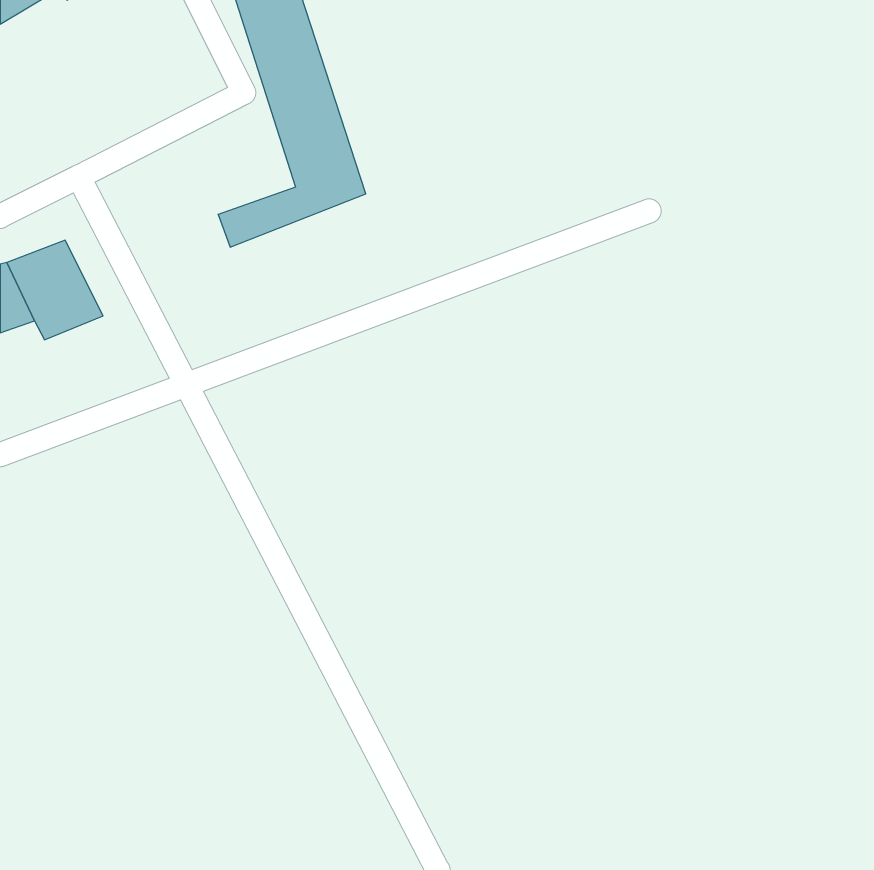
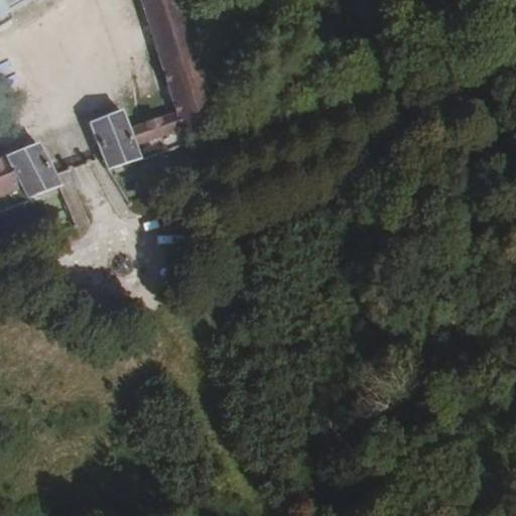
building: none -> [90,108,141,168]

